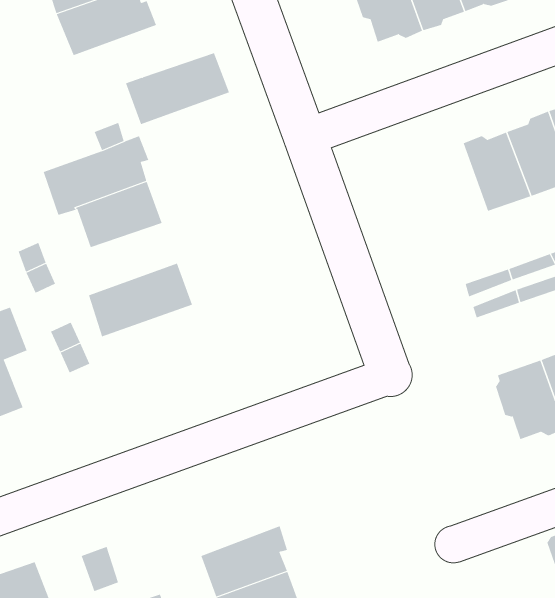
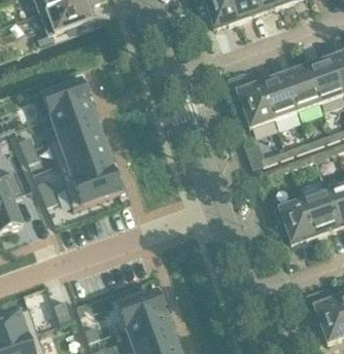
building: [125,53,230,125] -> [48,125,105,164]
building: none -> [227,73,273,128]
building: none -> [64,169,125,209]

